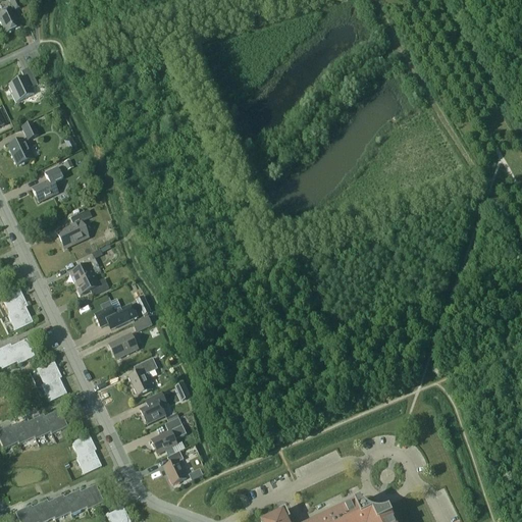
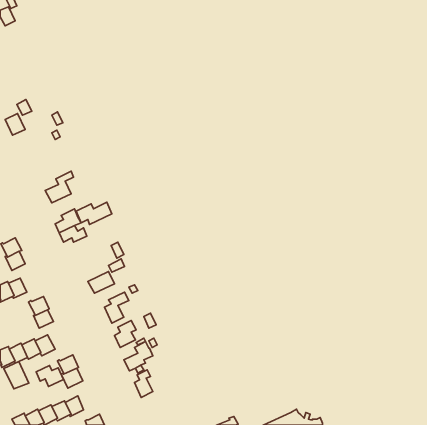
building: [7,67,37,102] -> none
building: [31,166,61,202] -> none
building: [94,303,138,330] -> [76,202,112,225]
building: none -> [4,361,29,389]
building: none -> [36,366,64,387]

